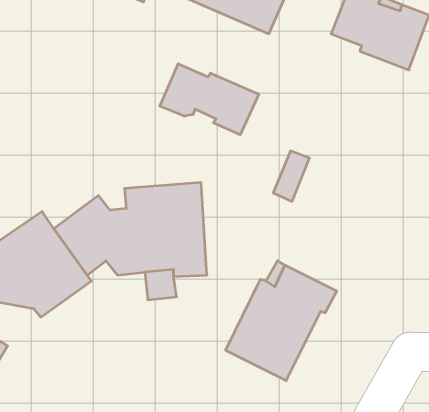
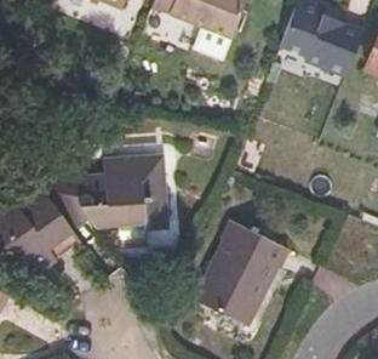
building: [160,64,259,135] -> none

